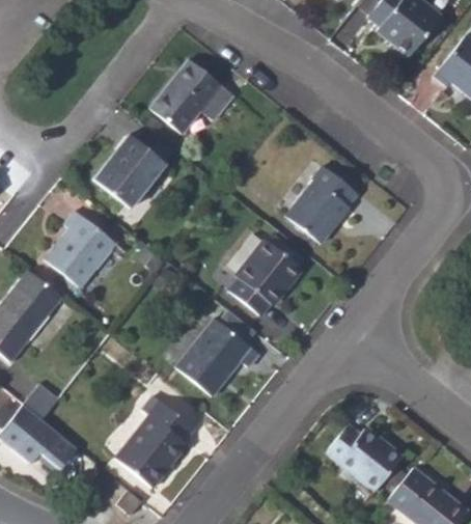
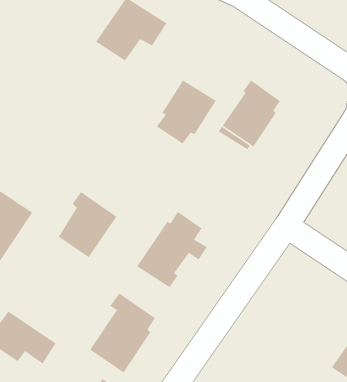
building: [95,135,166,206] -> none
building: [47,210,116,286] -> [58,191,118,258]
building: [230,240,302,313] -> [156,79,217,144]
building: [326,412,401,490] -> none

